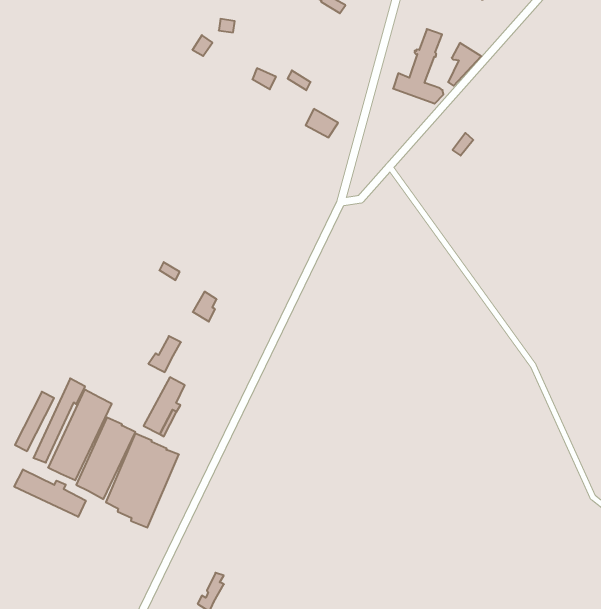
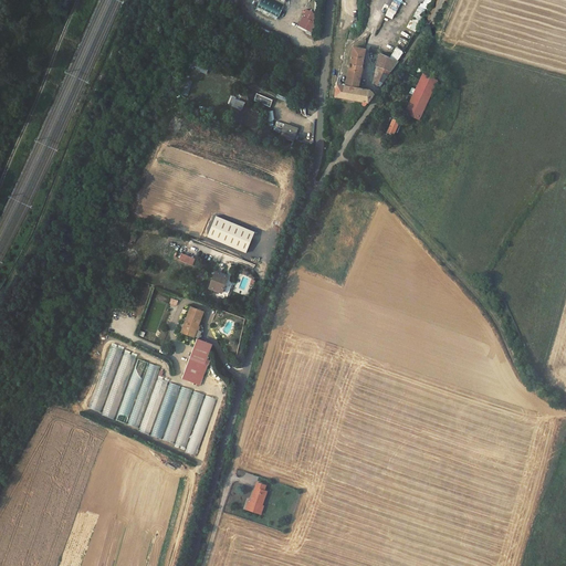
building: none -> [403,72,438,119]
building: none -> [207,216,254,251]
building: [14,469,86,517] -> none

